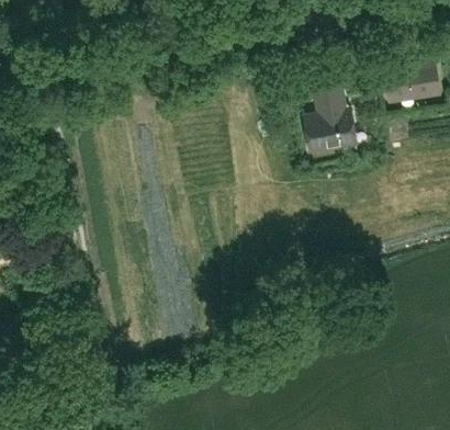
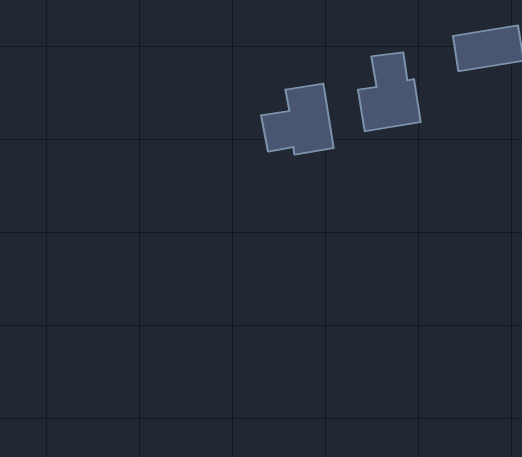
building: none -> [261,83,333,155]

